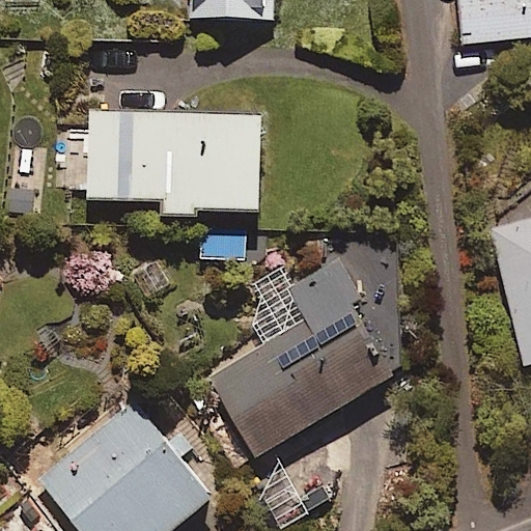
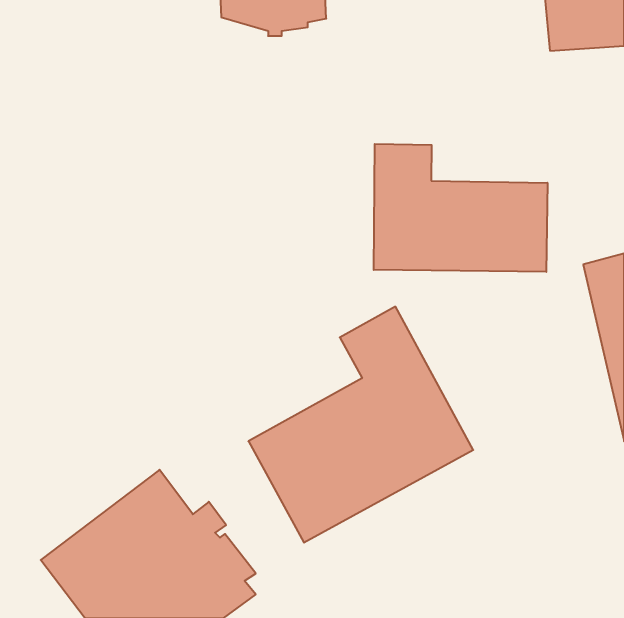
building: [86,115,260,216] -> none
building: none -> [374,144,547,272]

